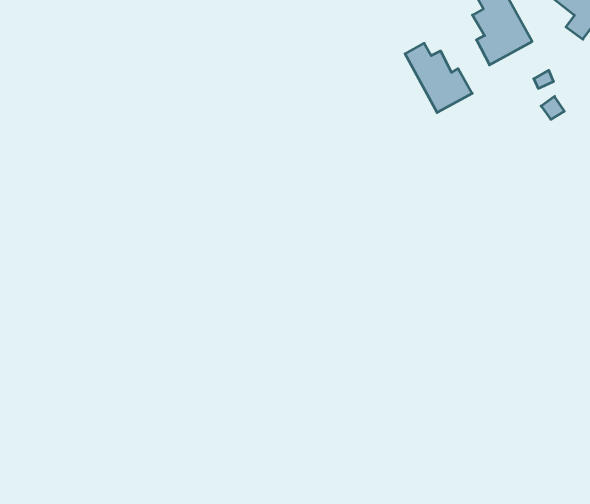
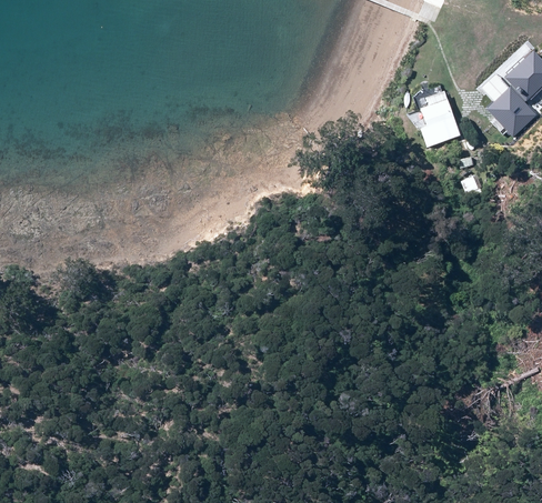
building: [405,43,472,113] -> none

